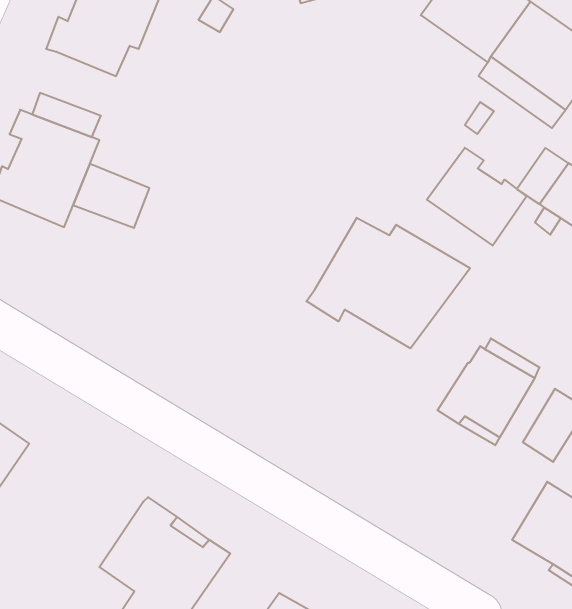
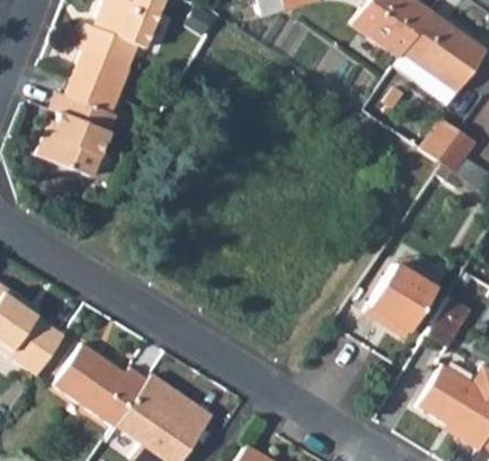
building: [427,148,526,246] -> none
building: [73,164,149,228] -> [74,49,129,96]
building: [306,218,470,348] -> none
building: none -> [55,343,149,426]

